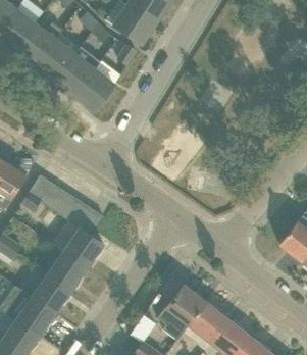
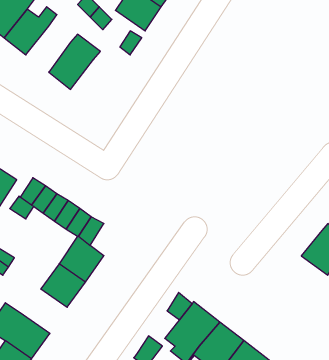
building: [34,40,73,81] -> none
building: [73,69,114,111] -> none
building: [32,273,70,313] -> none

